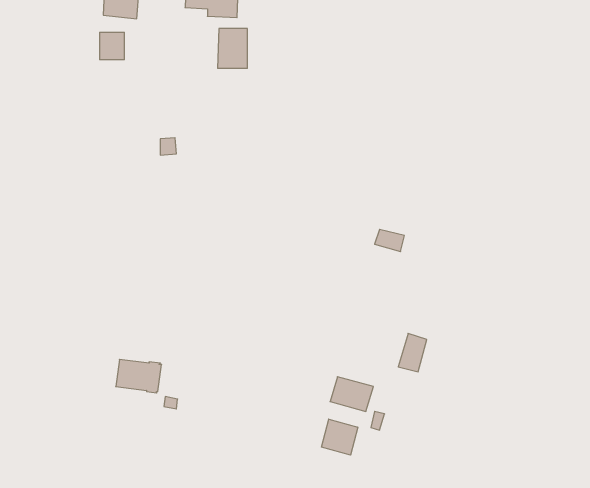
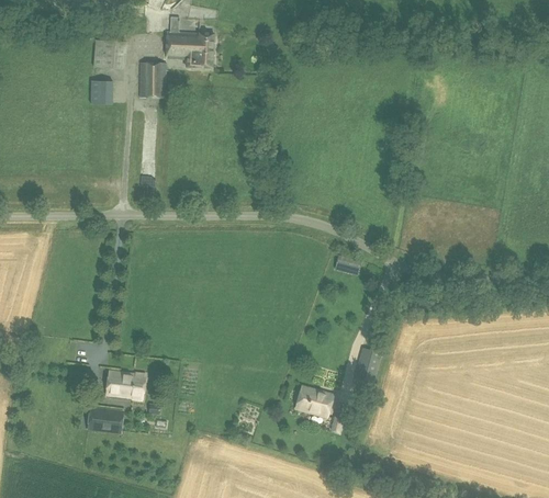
building: [218,29,247,68] -> [138,61,165,97]
building: none -> [87,406,122,432]
building: [322,419,358,455] -> none

